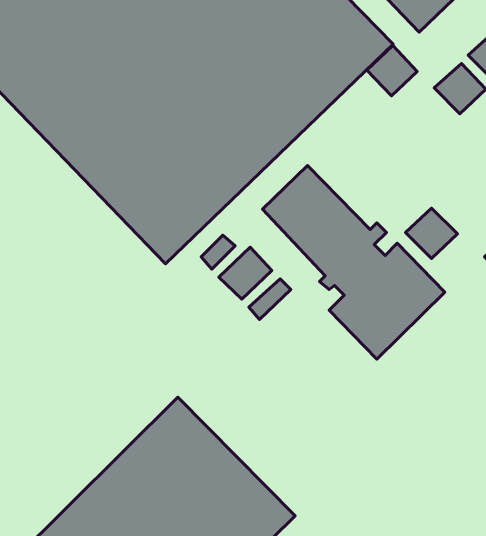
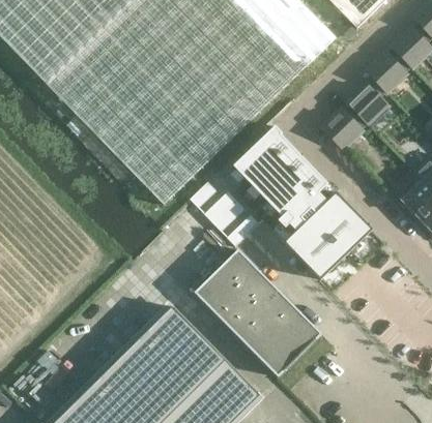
building: [367,46,417,96] -> [349,85,387,123]
building: [406,208,457,259] -> [323,110,363,148]
building: none -> [195,249,321,376]

